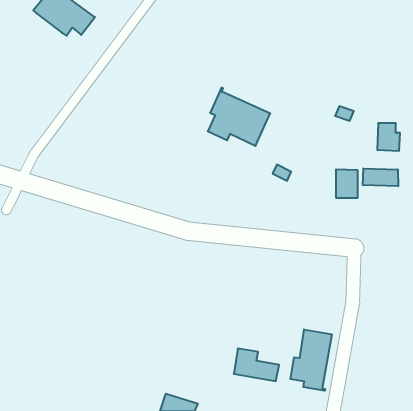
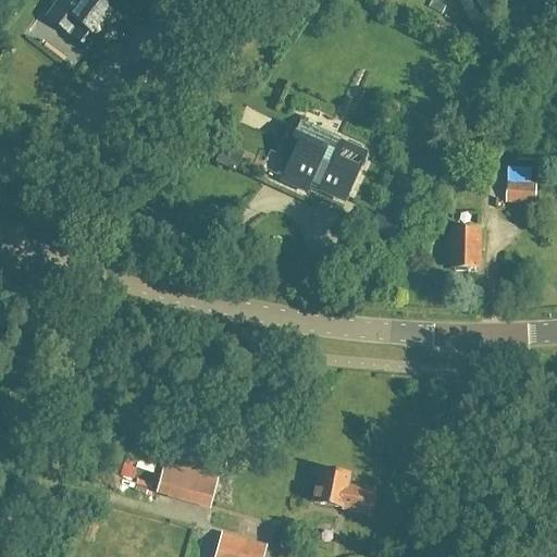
building: [363,168,398,186] -> none
building: [290,329,332,391] -> none
building: none -> [157,467,214,503]

